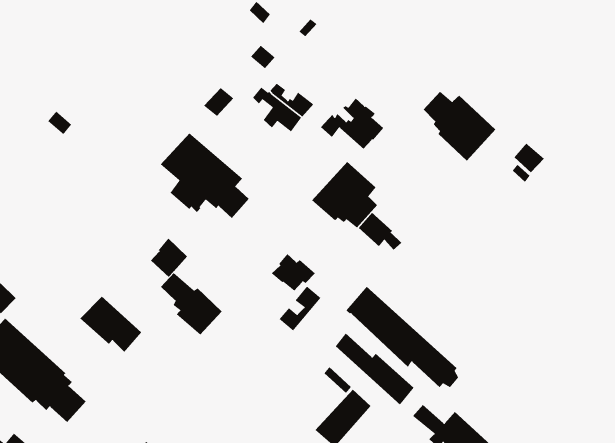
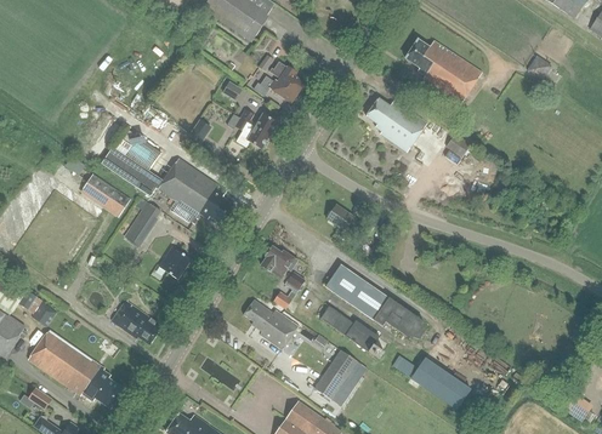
building: none -> [405,40,482,103]
building: none -> [101,129,161,196]
building: [320,97,384,149] -> [254,61,306,102]
building: none -> [80,172,130,216]
building: [311,161,378,228] -> none
building: none -> [123,201,159,245]
building: [160,272,223,336] -> [244,299,297,348]

